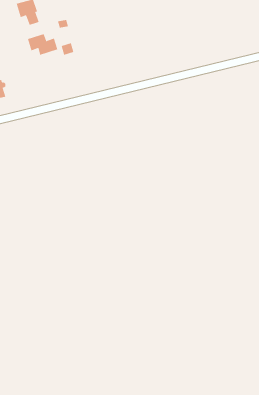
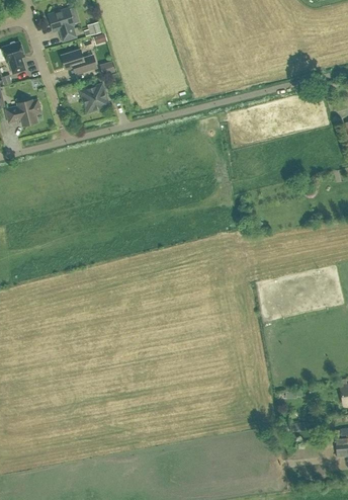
building: none -> [80,84,108,112]

